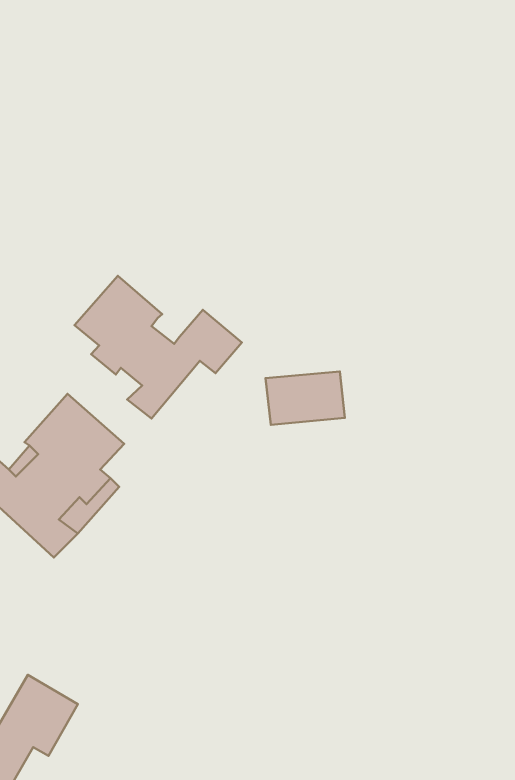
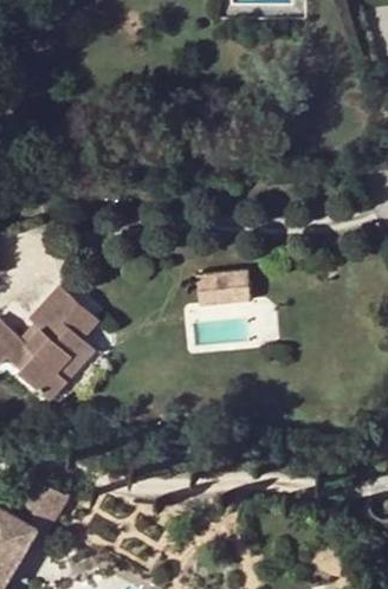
building: [74,276,242,419] -> none

